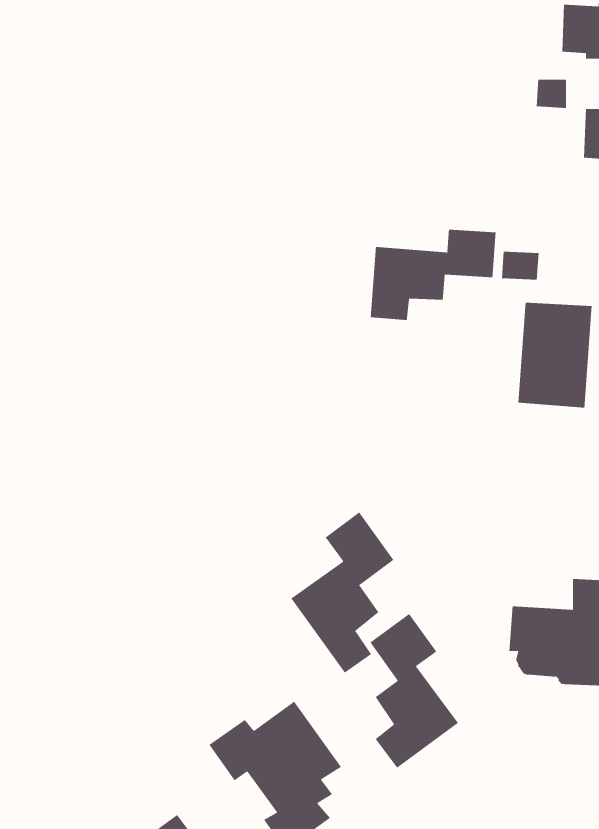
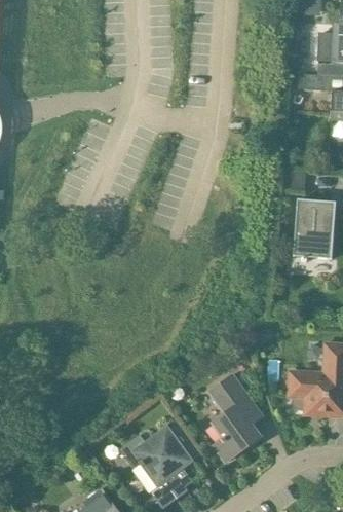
building: [370,229,496,321] -> none
building: [290,512,394,674] -> none

